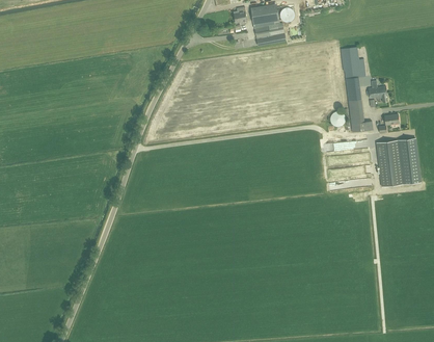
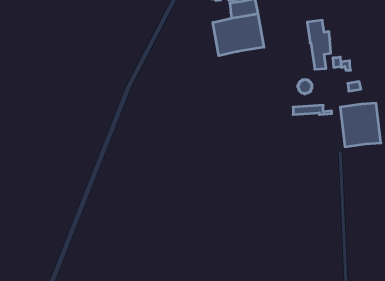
building: none -> [213,14,264,56]
building: [348,99,373,131] -> none

